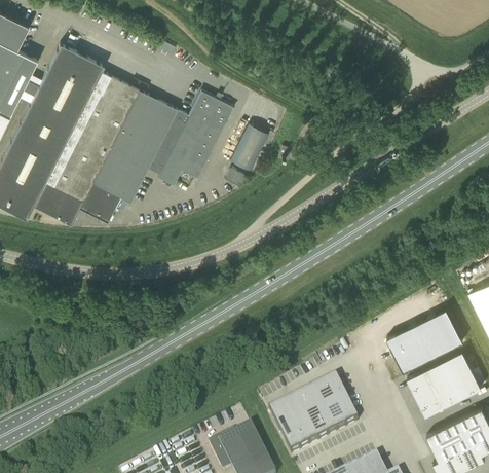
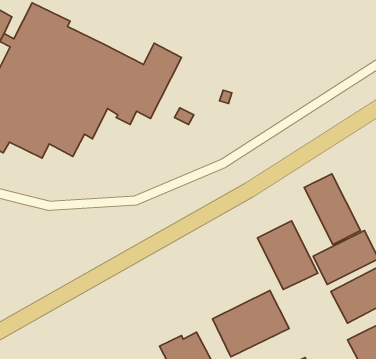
building: [229,124,268,172] -> none
building: none -> [304,174,360,244]
building: none -> [258,221,318,290]

